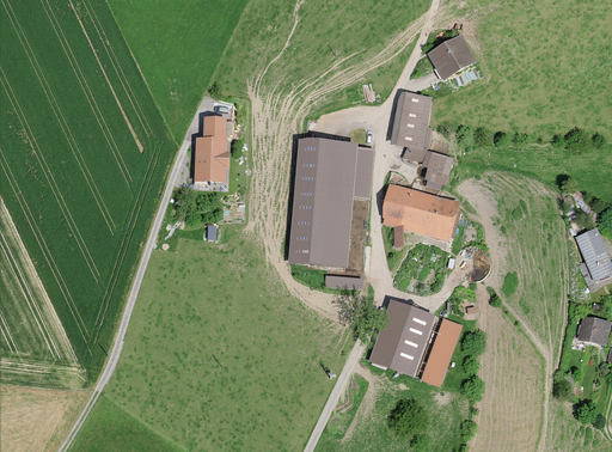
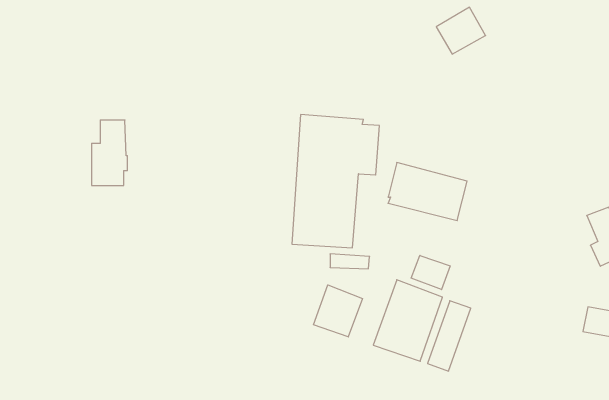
building: [397,91,454,184] -> none
building: [198,118,233,182] -> [92,120,127,185]
building: none -> [411,255,450,290]
building: none -> [313,285,363,337]

